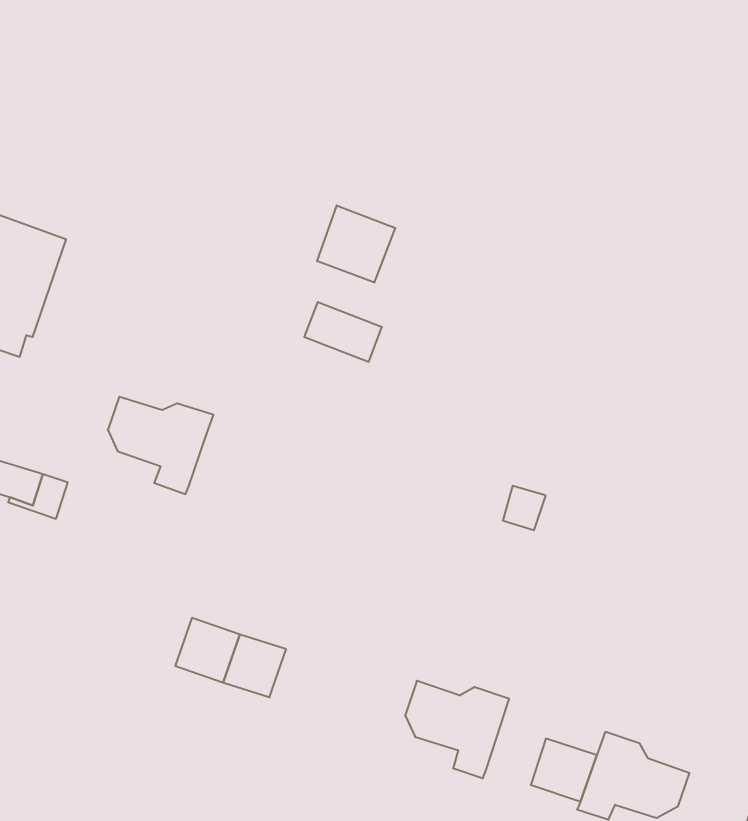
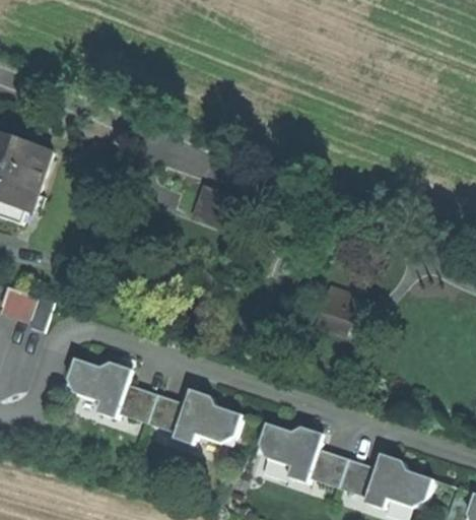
building: [317,205,395,283] -> none
building: [108,397,214,494] -> [67,359,132,418]
building: none -> [173,389,242,444]
building: none -> [308,449,344,486]

